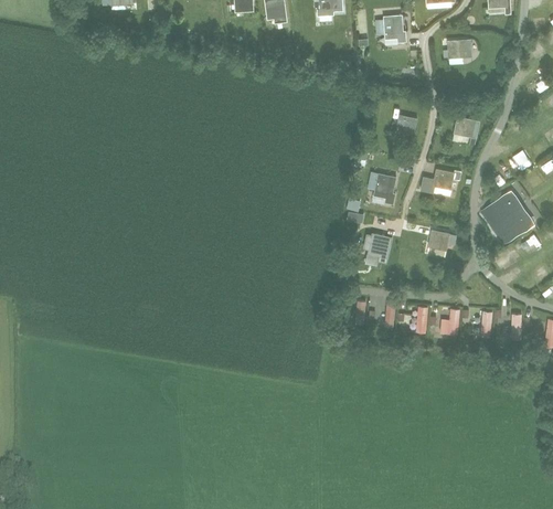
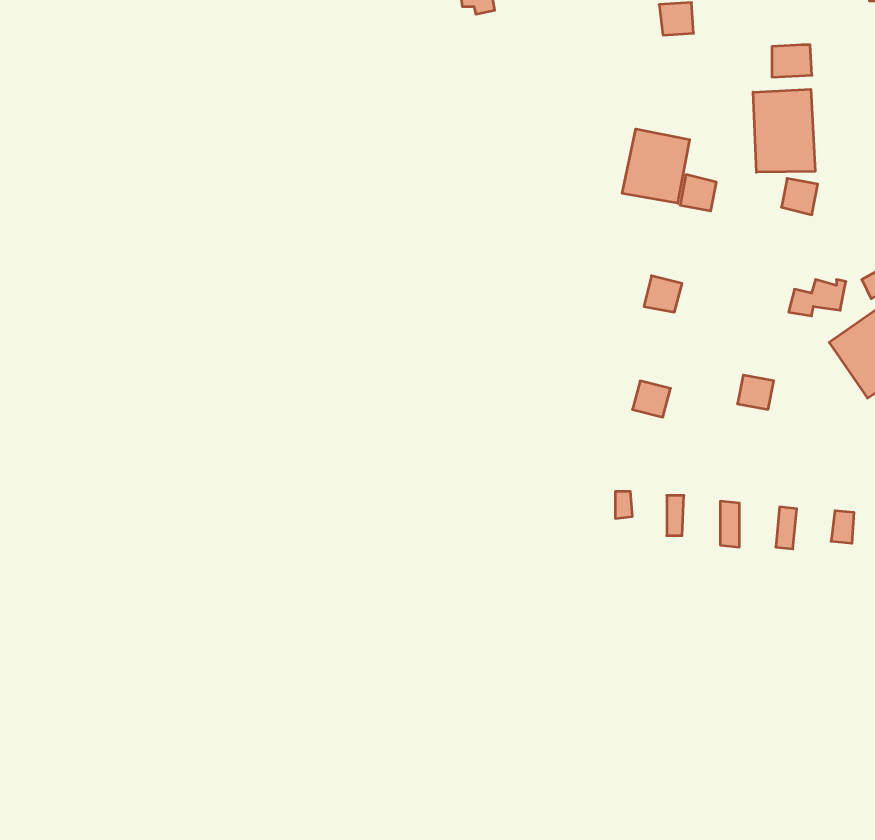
building: none -> [753,89,815,172]
building: none -> [622,129,690,203]
building: [419,172,453,193] -> [789,280,846,316]

